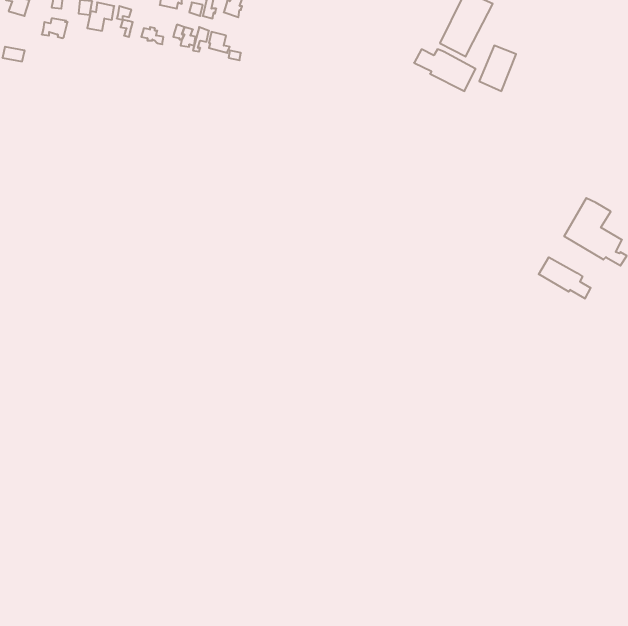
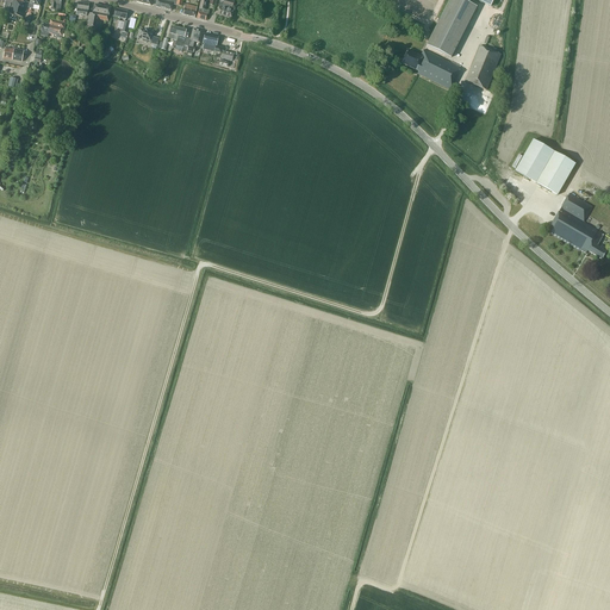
building: none -> [515,138,575,193]
building: [539,257,591,299] -> none

